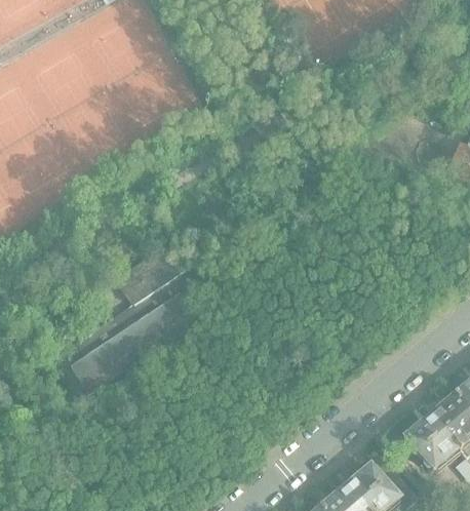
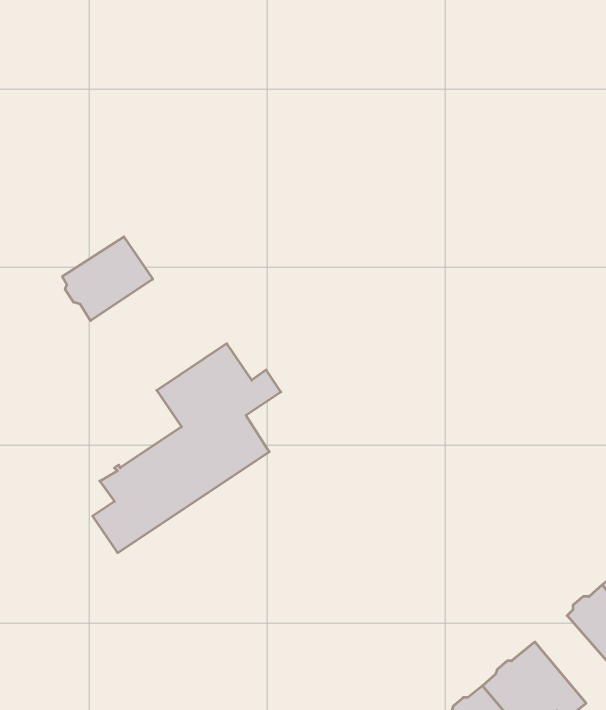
building: none -> [62,237,153,321]

